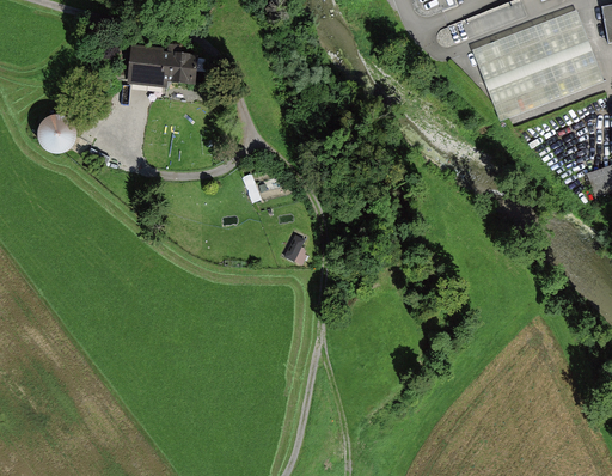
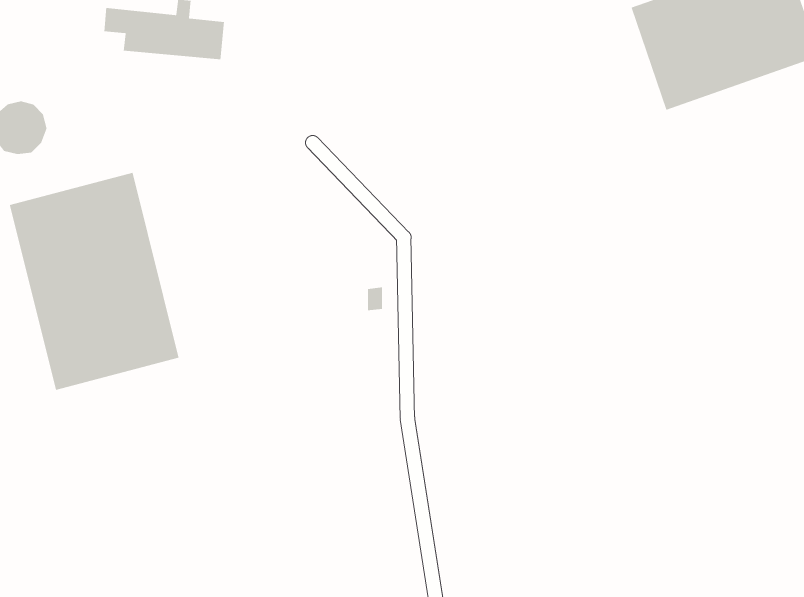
building: none -> [9,172,180,391]

